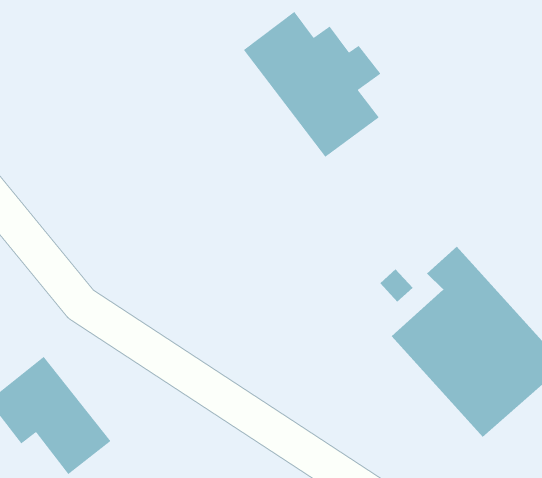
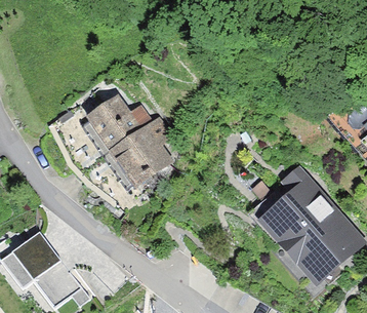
building: [243,11,382,158] -> [86,91,174,185]

